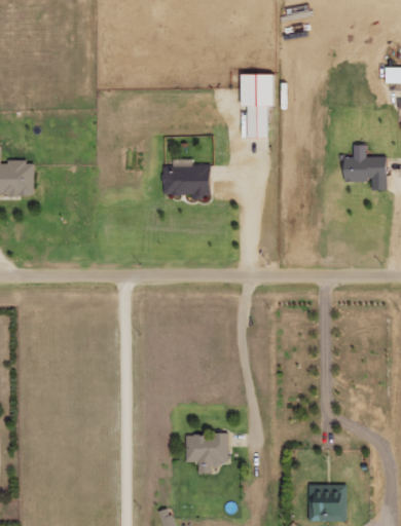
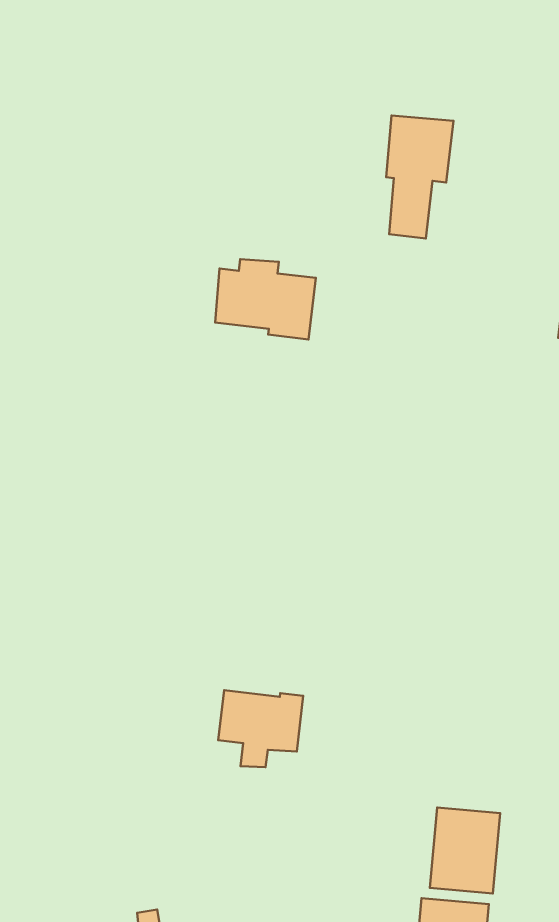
building: [185,433,227,474] -> [218,690,303,767]
building: none -> [430,808,500,893]

